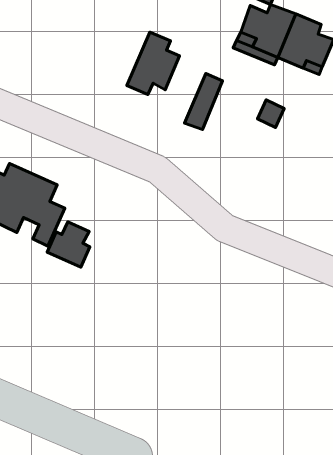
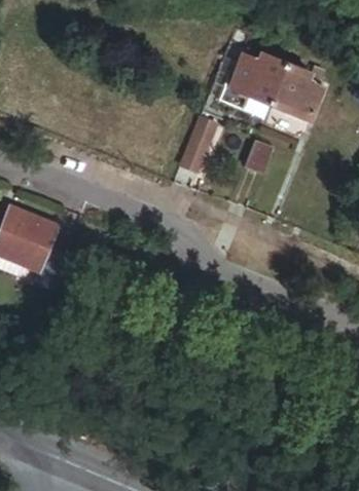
building: [127,32,179,94] -> none
building: [47,222,90,267] -> none

